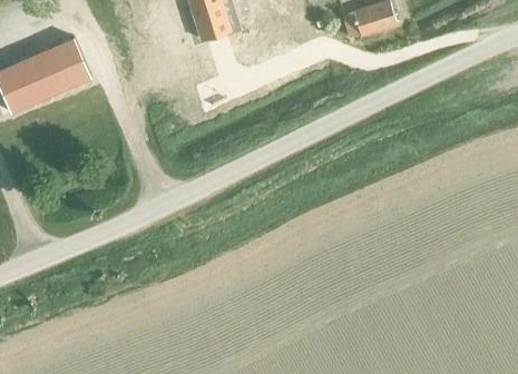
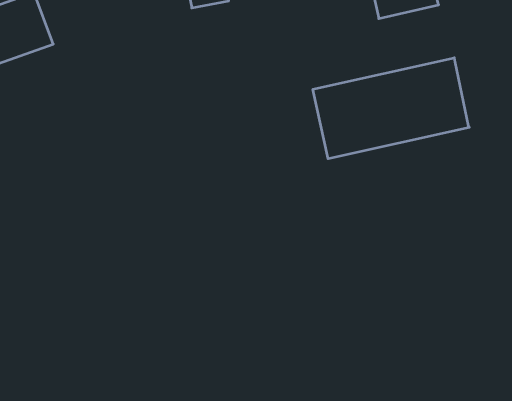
building: none -> [313,58,469,159]

